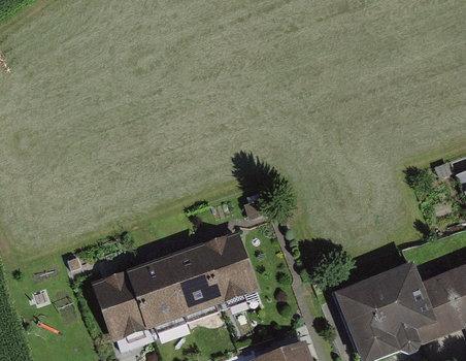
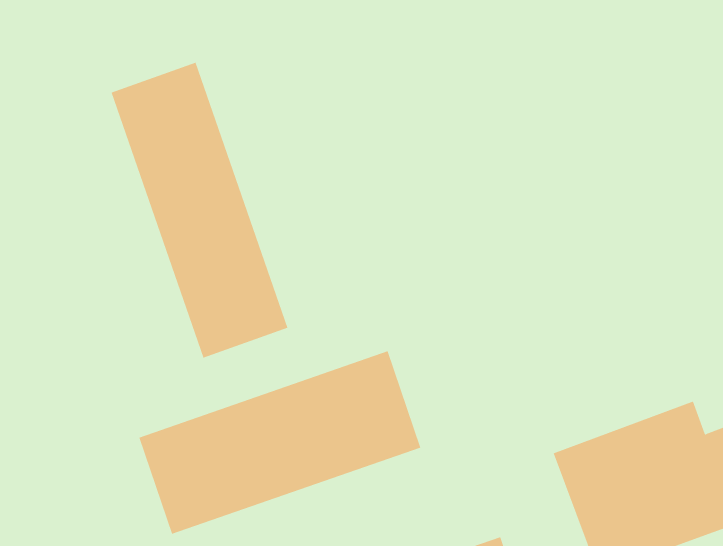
building: none -> [111,62,288,358]

